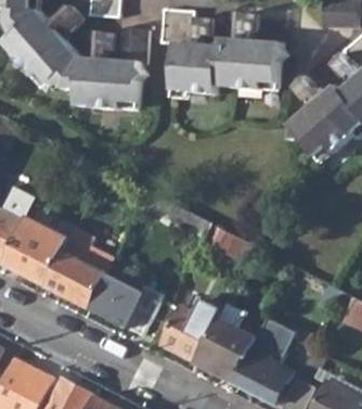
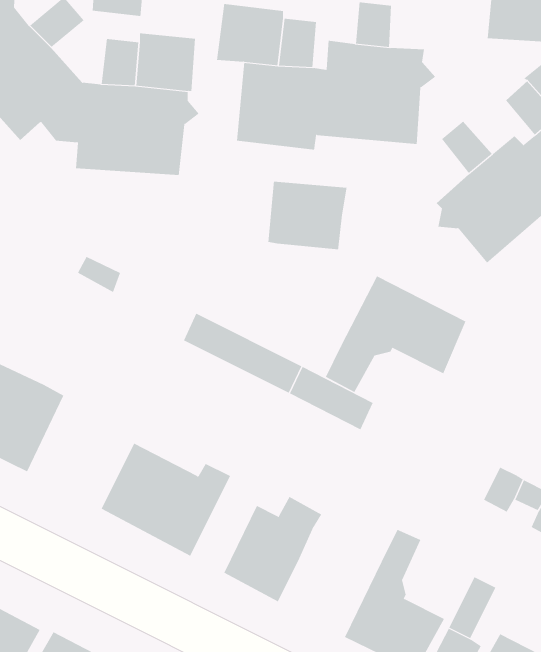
building: none -> [268,181,347,250]
building: none -> [325,275,466,393]
building: [47,226,112,307] -> none
building: [195,319,256,383] -> none

